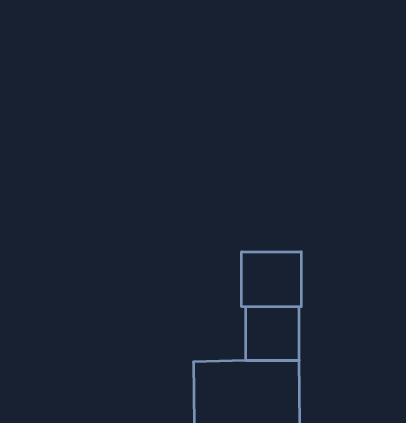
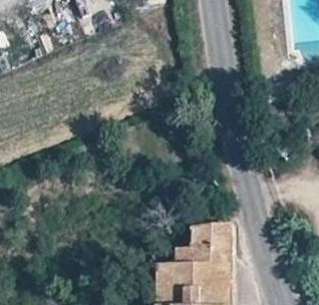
building: [242,252,301,307] -> none

